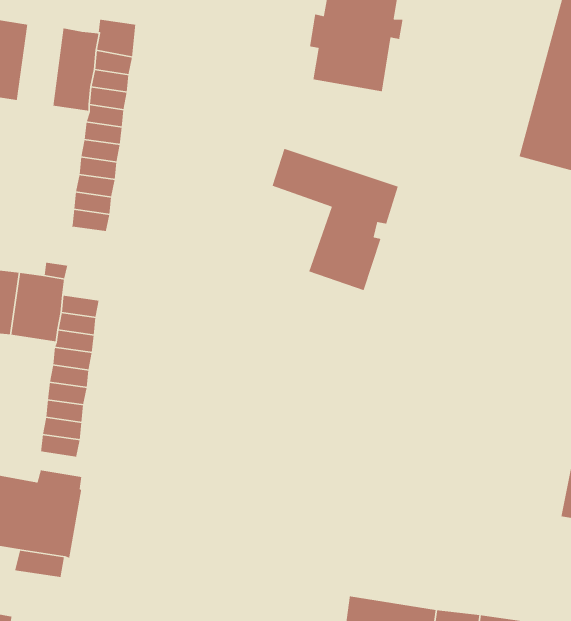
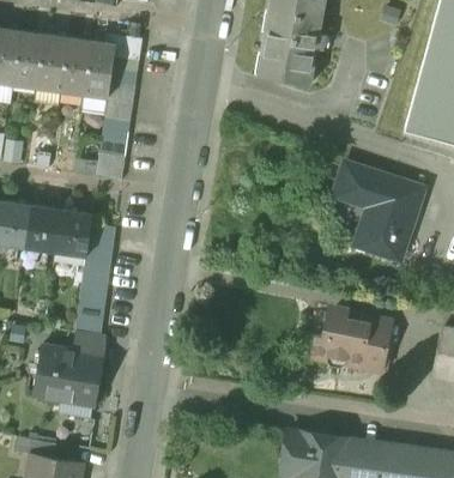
building: none -> [60,38,91,95]
building: [271,148,399,291] -> [335,162,423,260]
building: none -> [311,308,391,369]

